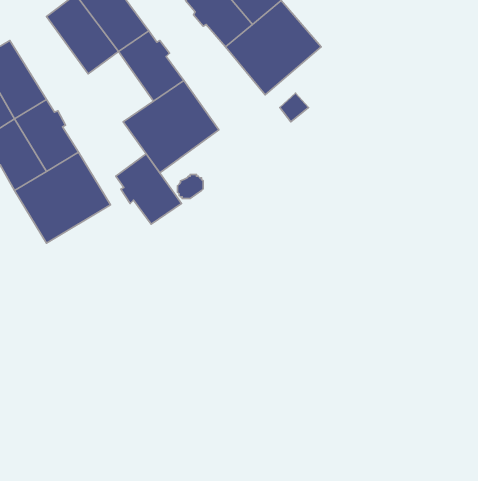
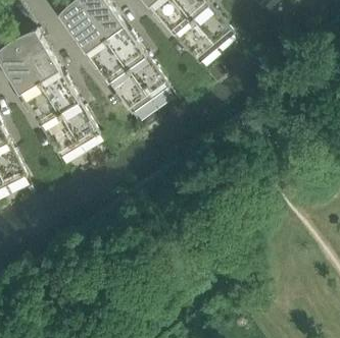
building: [116,154,181,224] -> [84,36,126,80]

